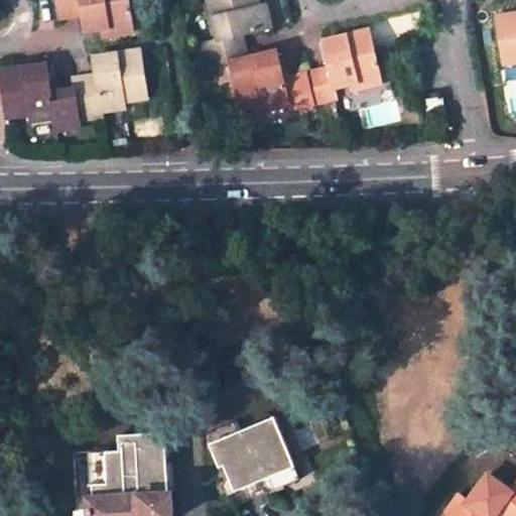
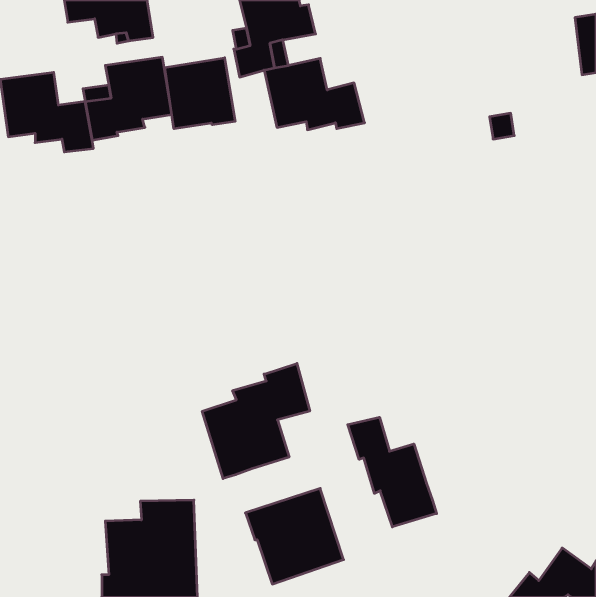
building: [305,29,381,106] -> none
building: none -> [165,58,235,129]
building: none -> [202,363,310,479]
building: none -> [348,417,437,527]

